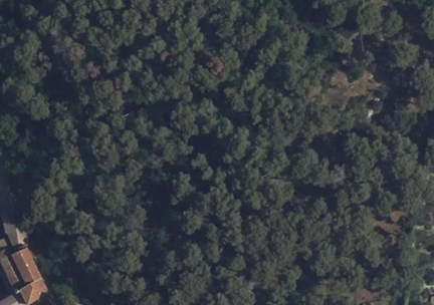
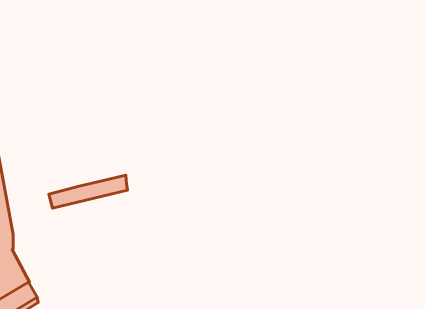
building: none -> [49,175,128,208]

